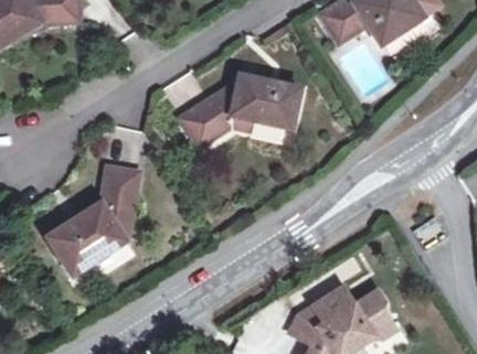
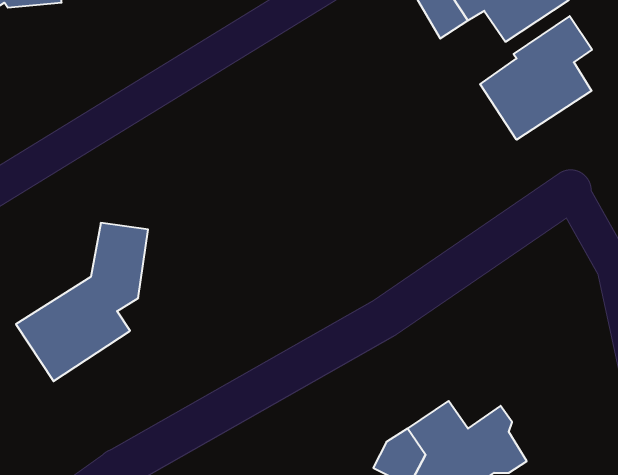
building: none -> [480,16,592,140]
building: [182,73,299,143] -> none

